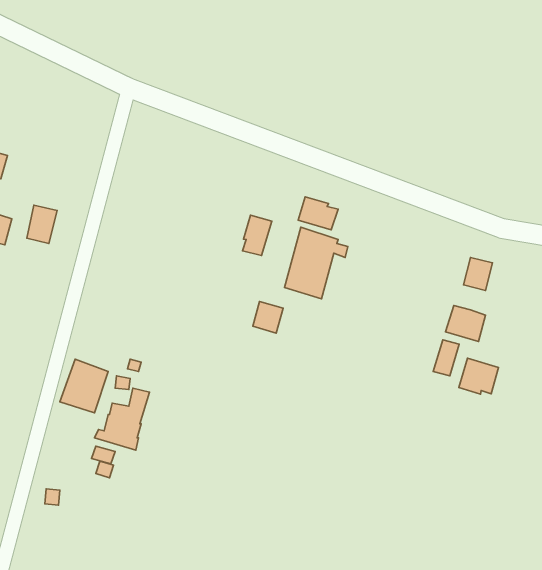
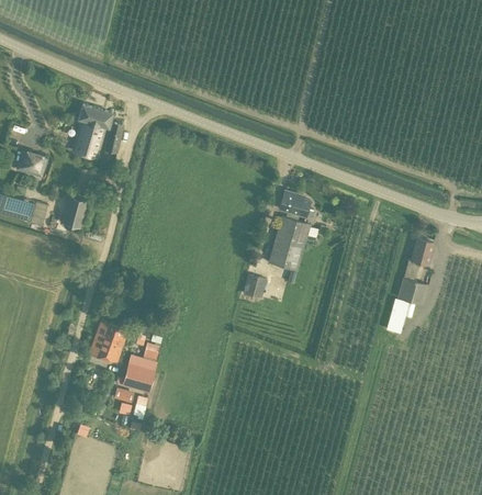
building: none -> [72,105,123,158]
building: [242,215,272,256] -> none
building: [459,358,498,394] -> none

